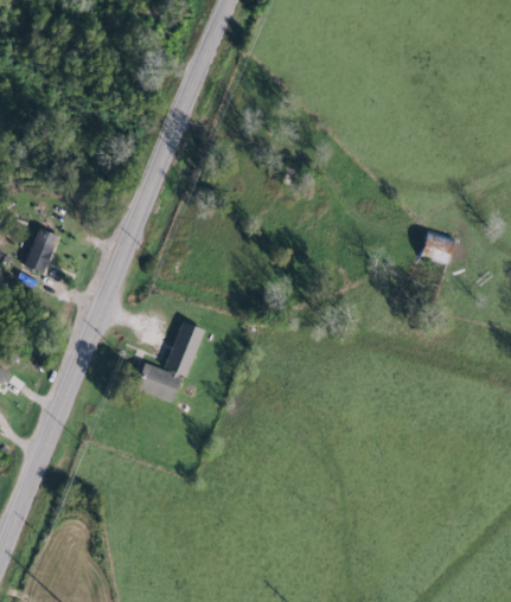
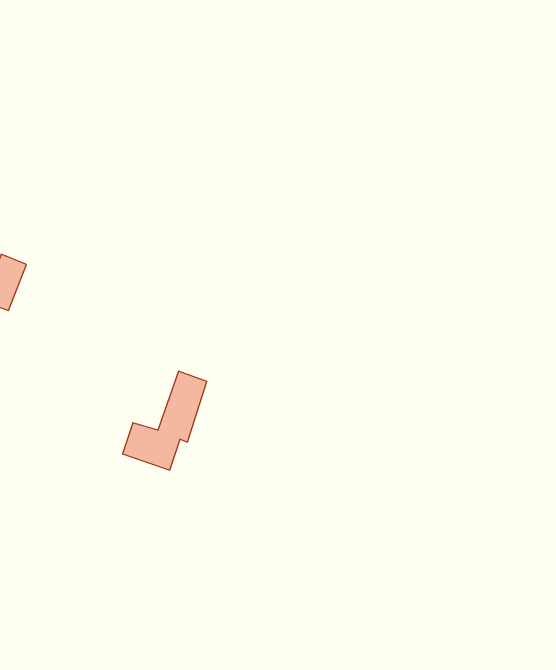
building: [420,232,455,263] -> none

